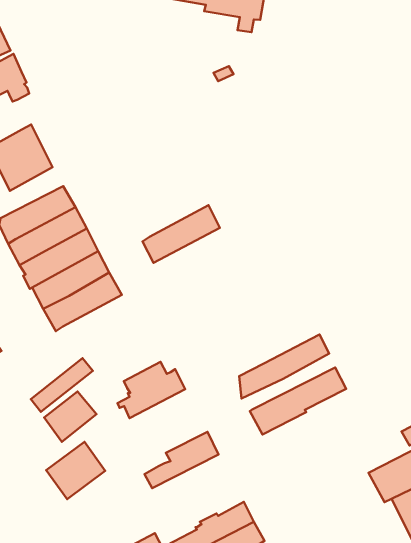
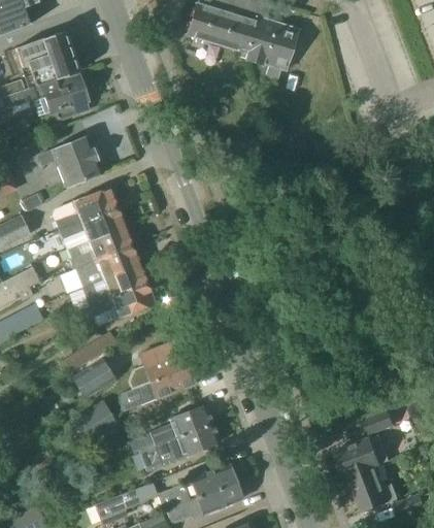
building: [142,205,220,263] -> [90,283,155,325]
building: [239,335,329,399] -> [121,366,197,411]
building: [250,368,346,435] -> [138,423,220,471]

